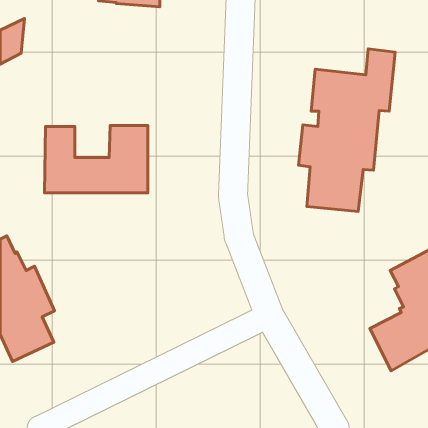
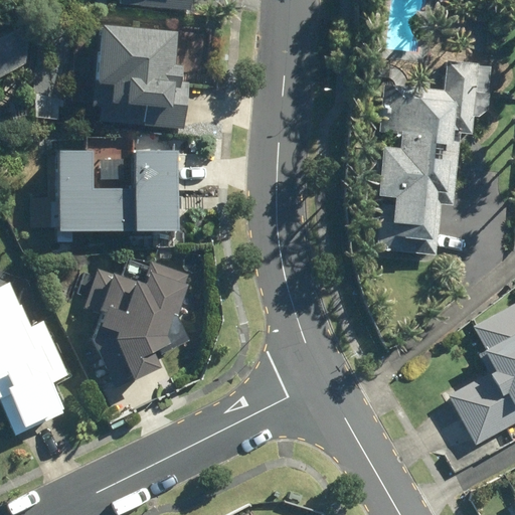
building: none -> [93,25,187,128]
building: none -> [83,259,189,385]

